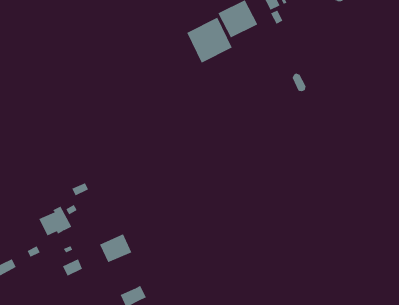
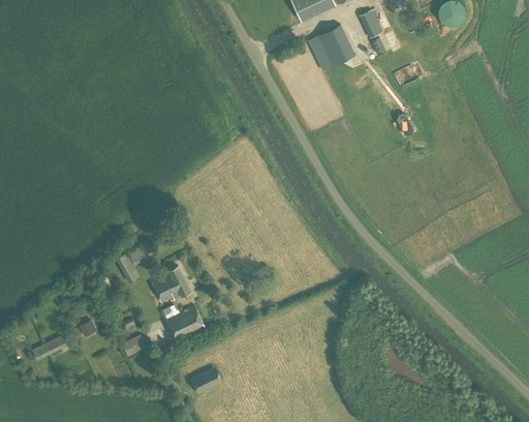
building: [187,17,233,63] -> none
building: [38,206,72,236] -> [151,265,191,301]

